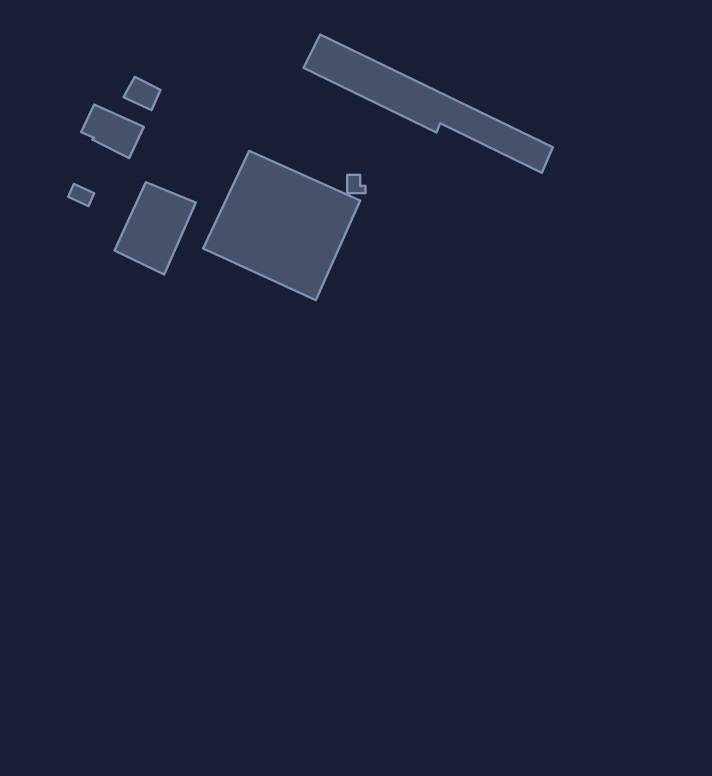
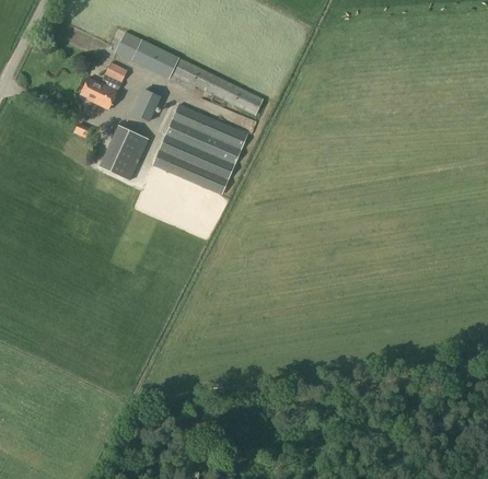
building: [304,35,553,173] -> [114,32,262,114]
building: none -> [133,89,162,121]

